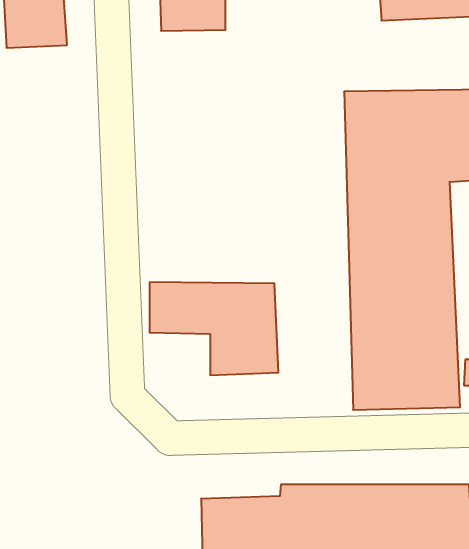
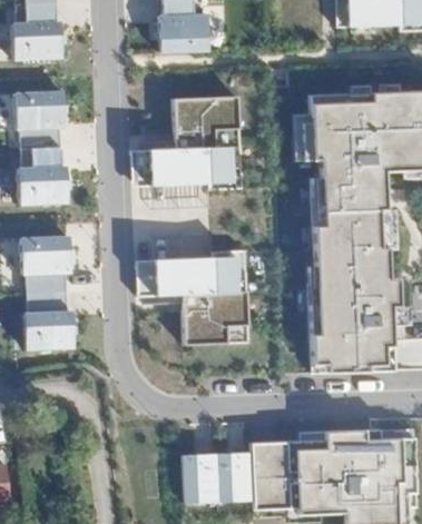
building: none -> [12,85,71,204]
building: none -> [129,95,245,192]
building: none -> [13,229,78,346]

